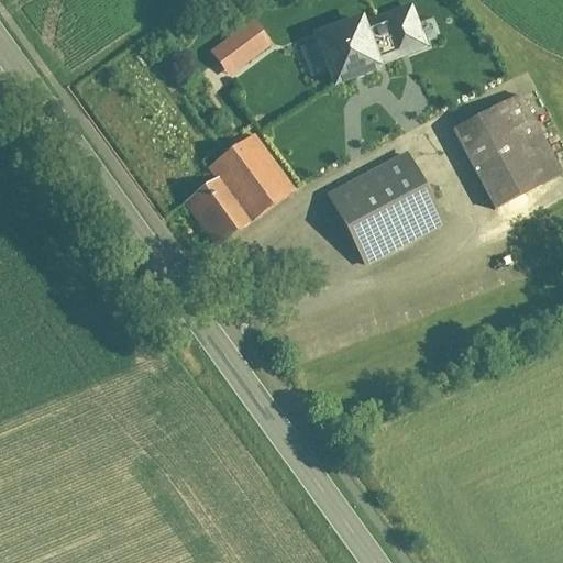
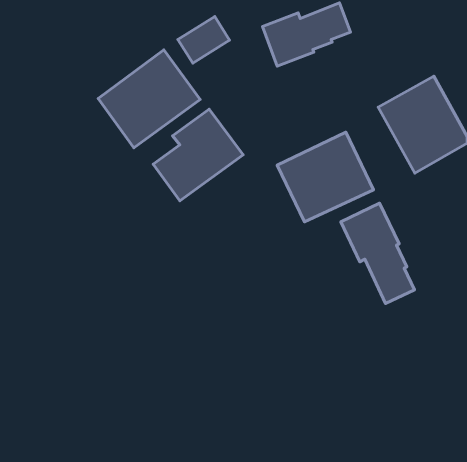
building: none -> [98,50,200,148]
building: none -> [341,203,414,304]

